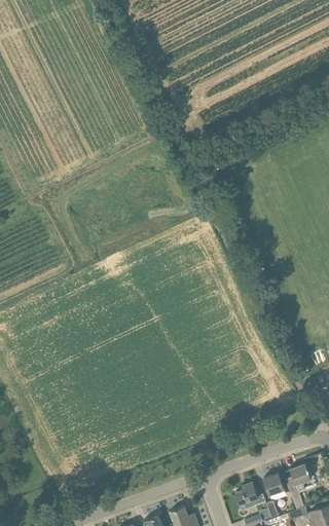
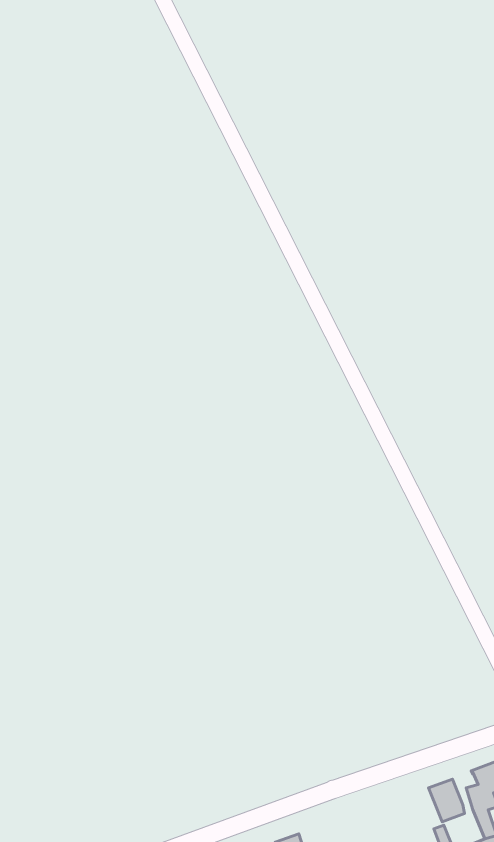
building: [234,481,265,504] -> none

